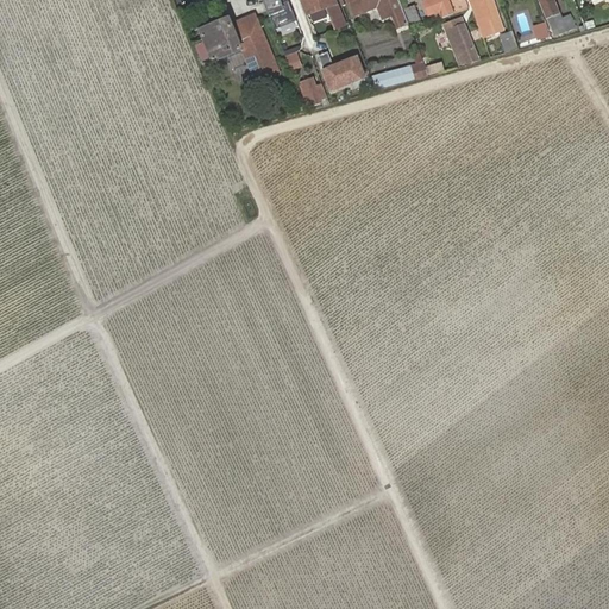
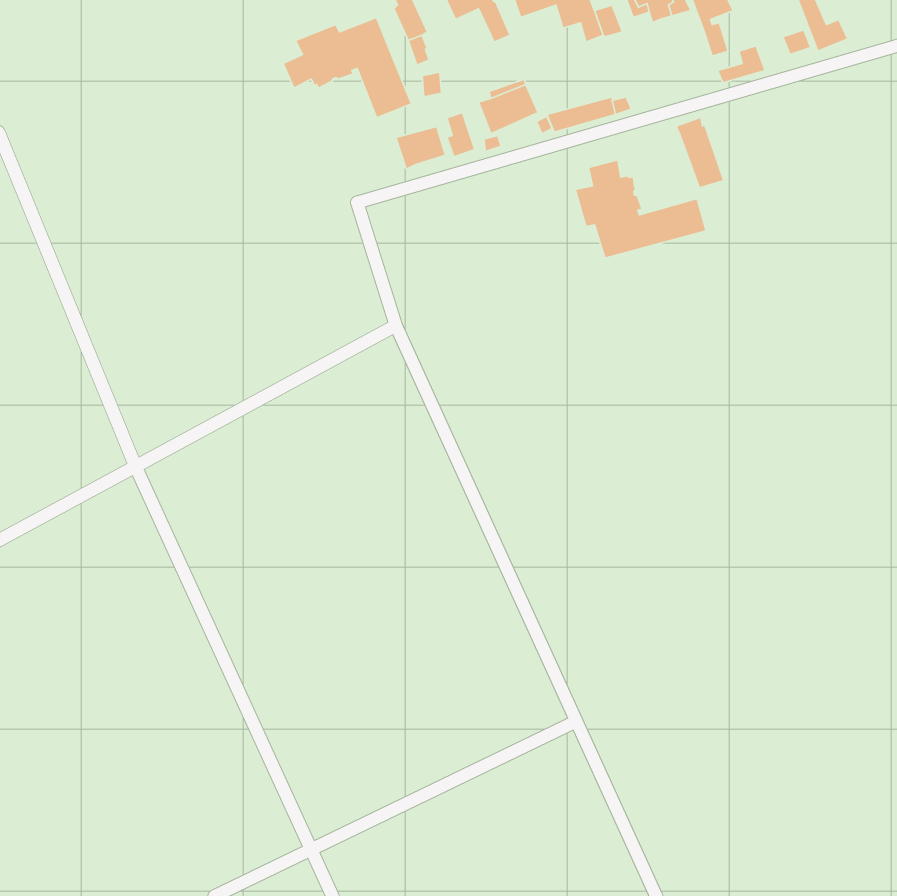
building: [444,17,476,64] -> [676,117,724,188]
building: none -> [396,126,445,169]
building: none -> [575,160,706,258]

